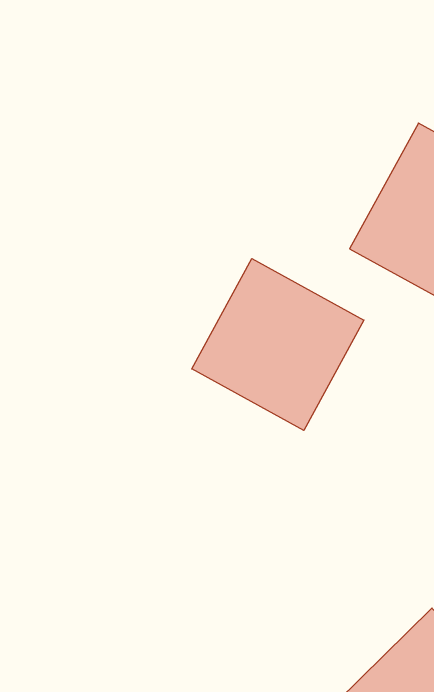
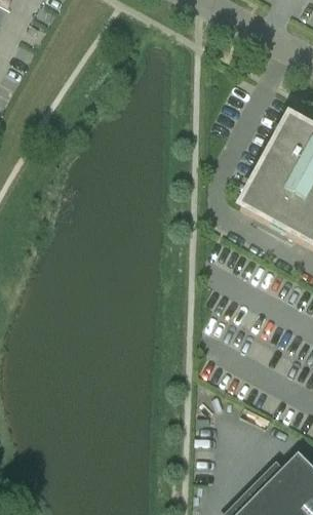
building: [192,259,364,430] -> none

